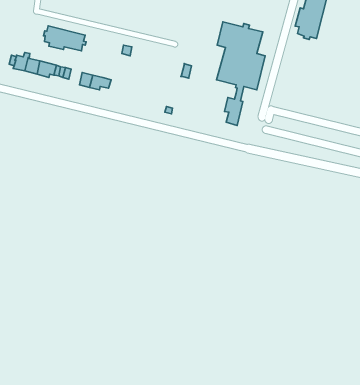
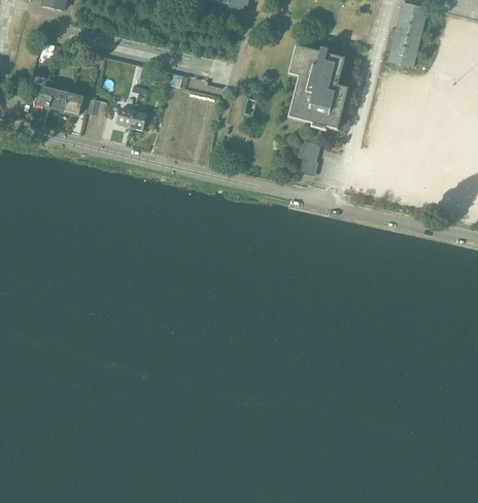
building: [44,26,86,51] -> none

